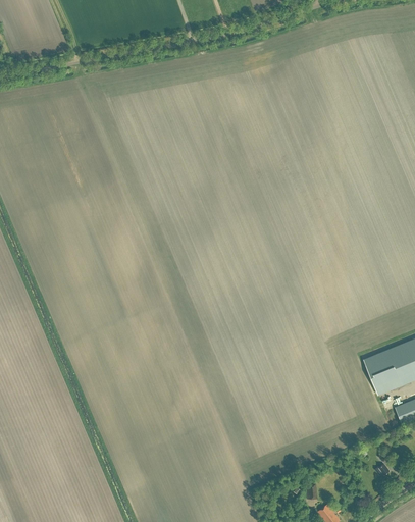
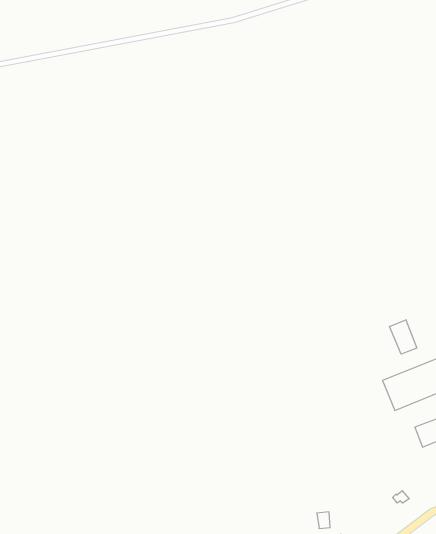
building: none -> [390,320,417,354]

